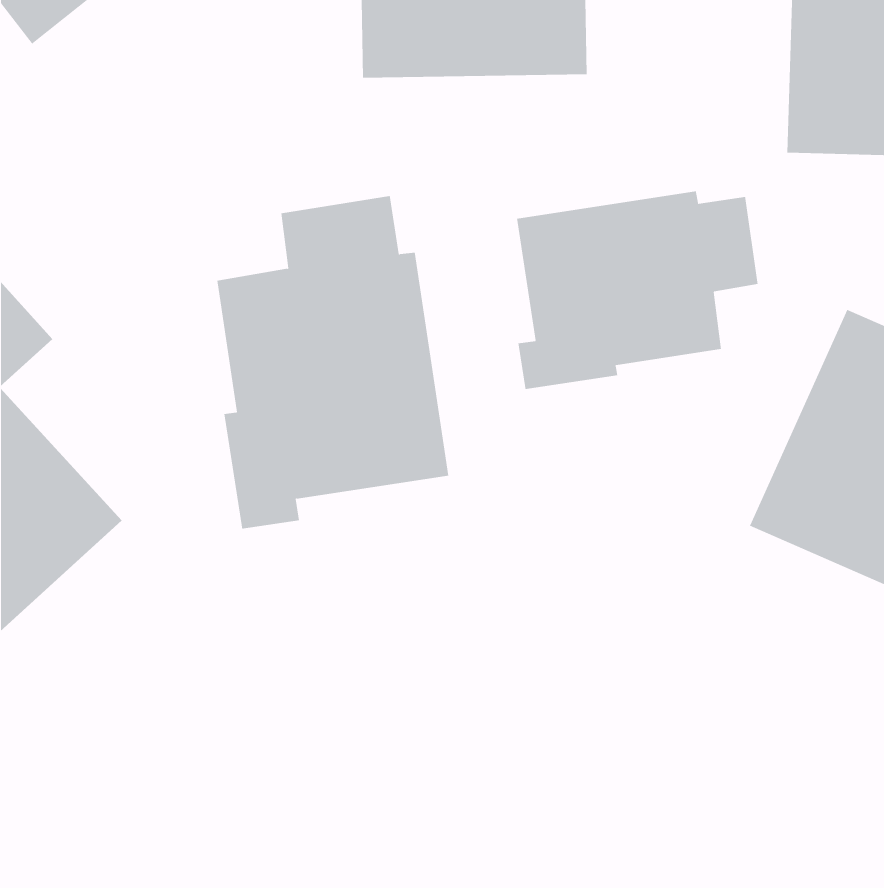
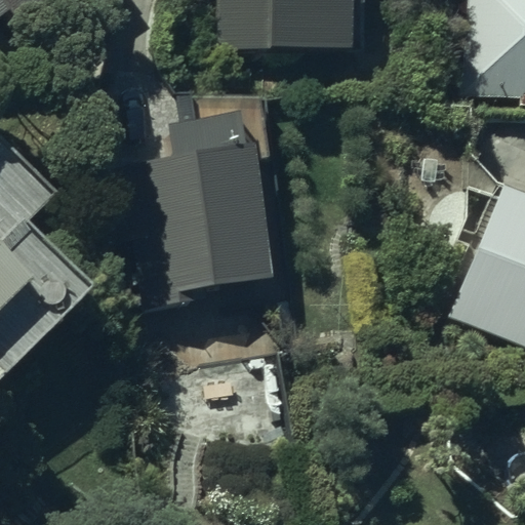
building: [517,191,758,390] -> none

